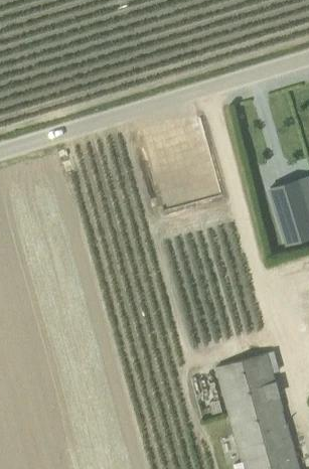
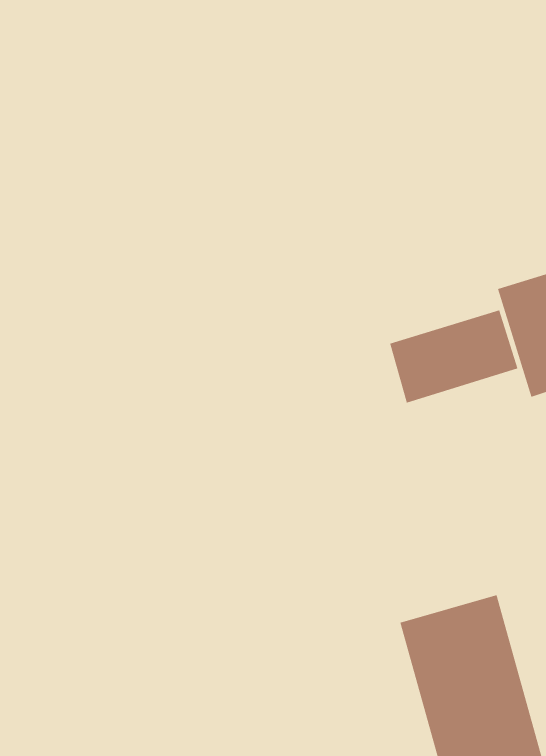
building: none -> [389,310,518,403]

